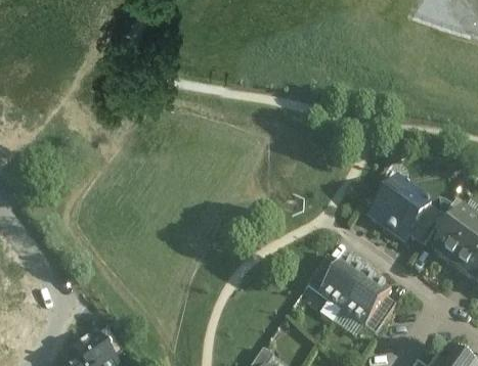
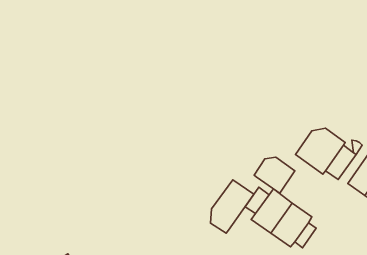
building: none -> [254,157,295,193]
building: none -> [210,180,254,233]

